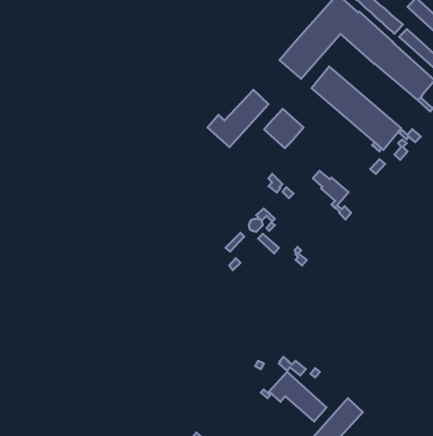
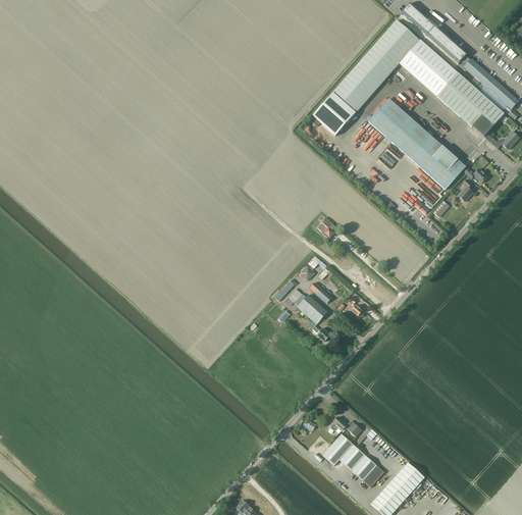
building: [207,90,269,147] -> none
building: [264,109,303,148] -> [313,92,356,135]
building: [313,171,351,219] -> [289,288,330,341]

